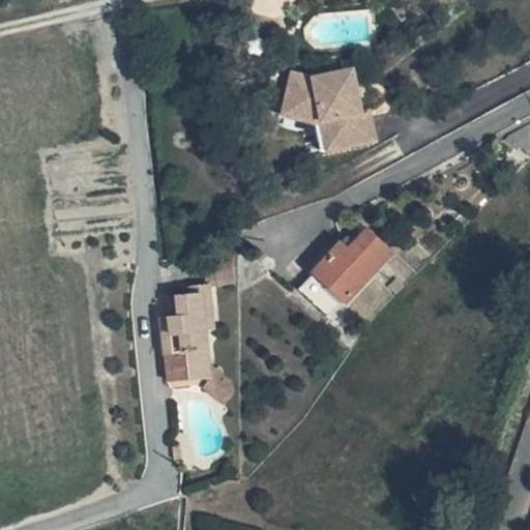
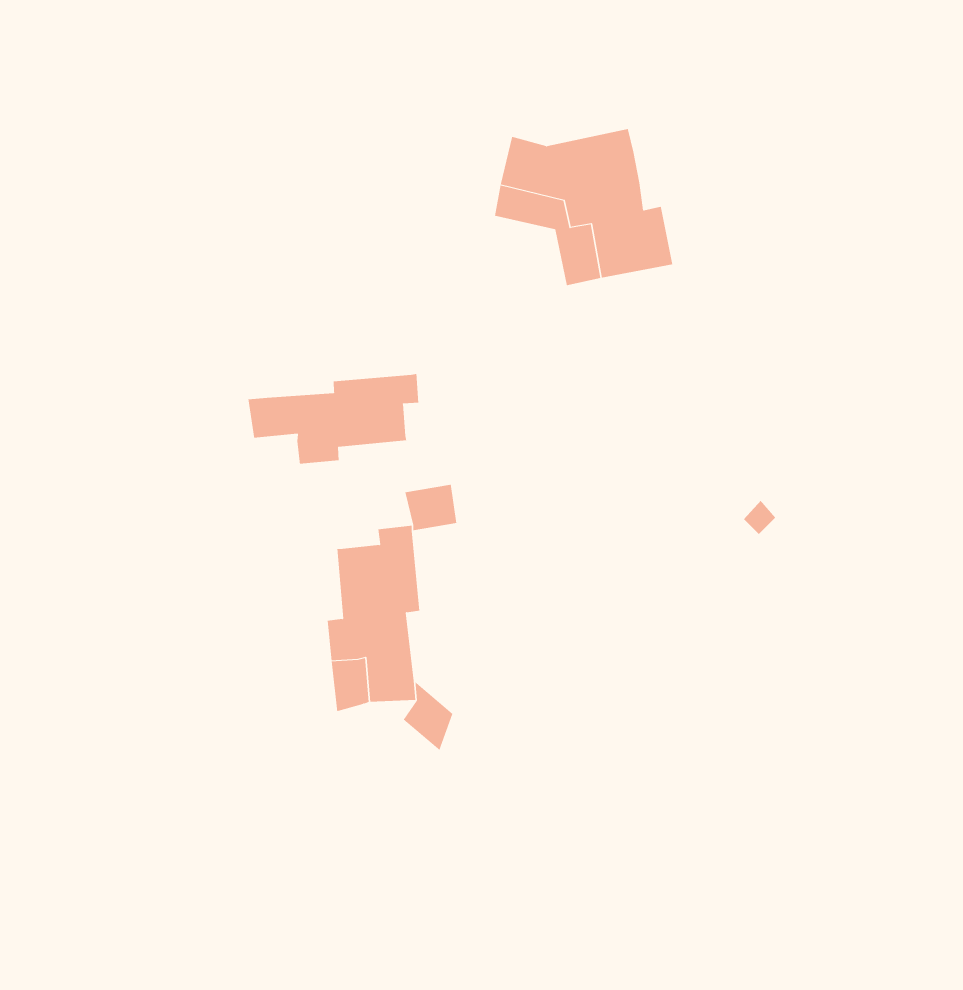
building: none -> [248,373,419,464]
building: [312,223,401,312] -> none

